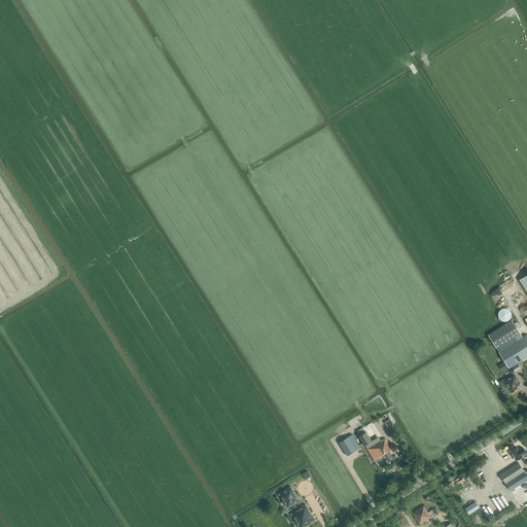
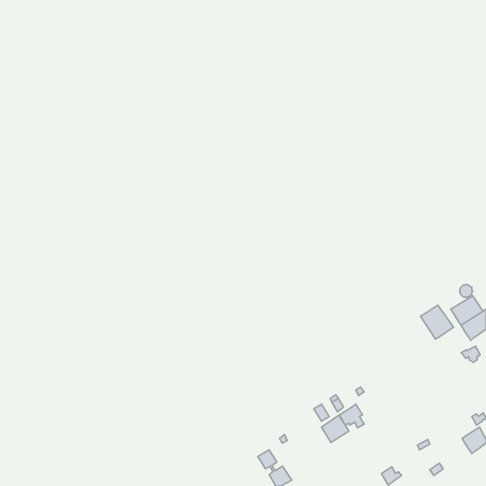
building: none -> [420,305,453,339]
building: none -> [321,415,349,442]

